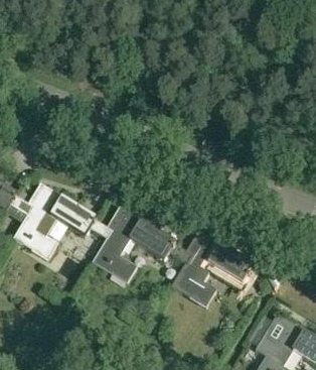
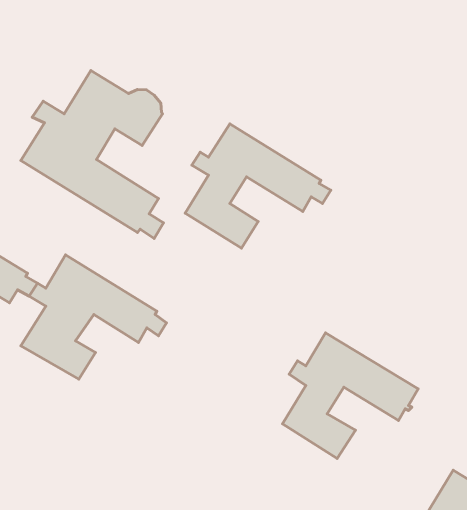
building: none -> [21,70,163,238]
building: [94,207,182,282] -> [185,124,331,248]

